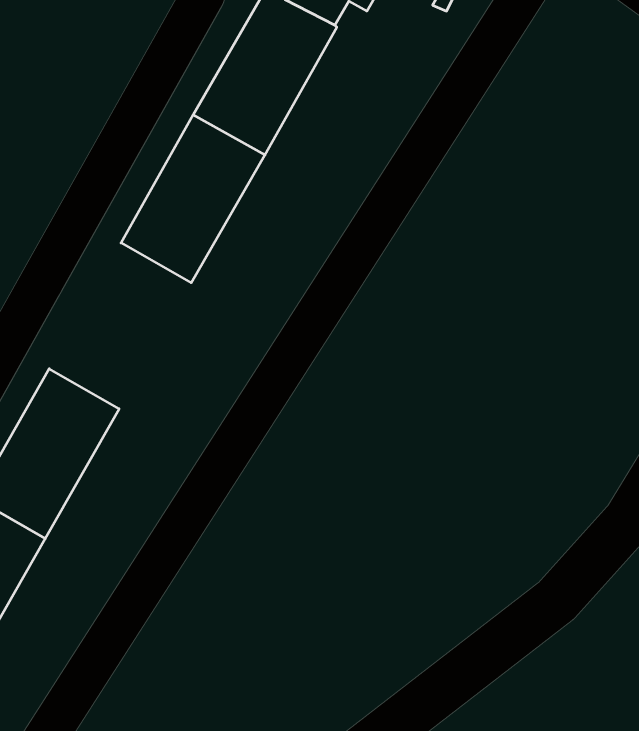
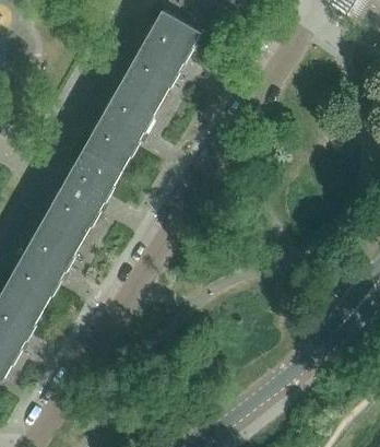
building: none -> [44,149,121,239]

